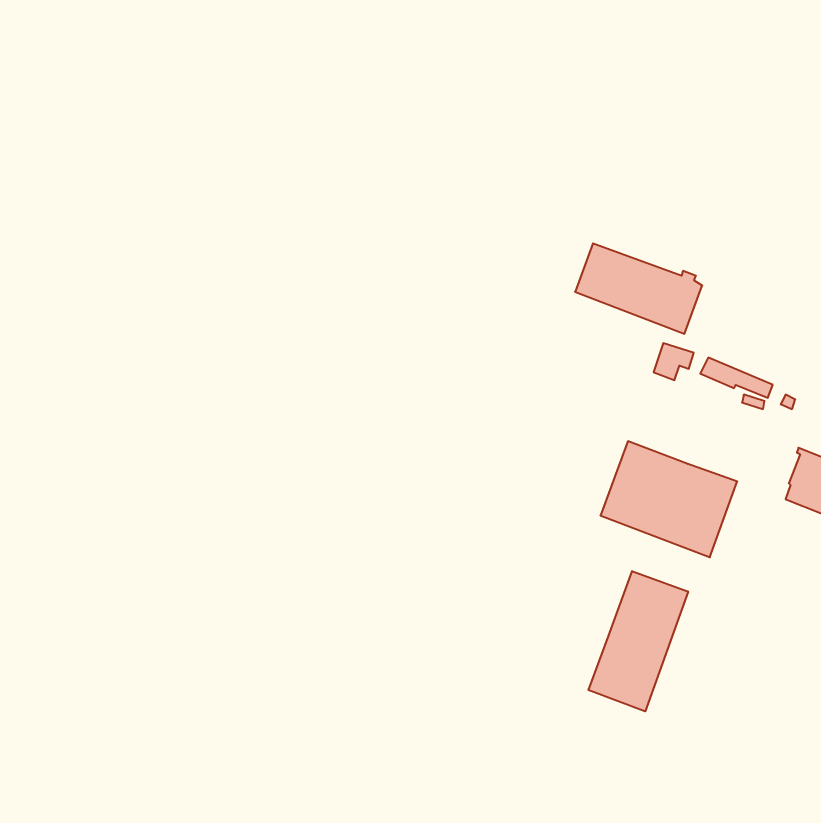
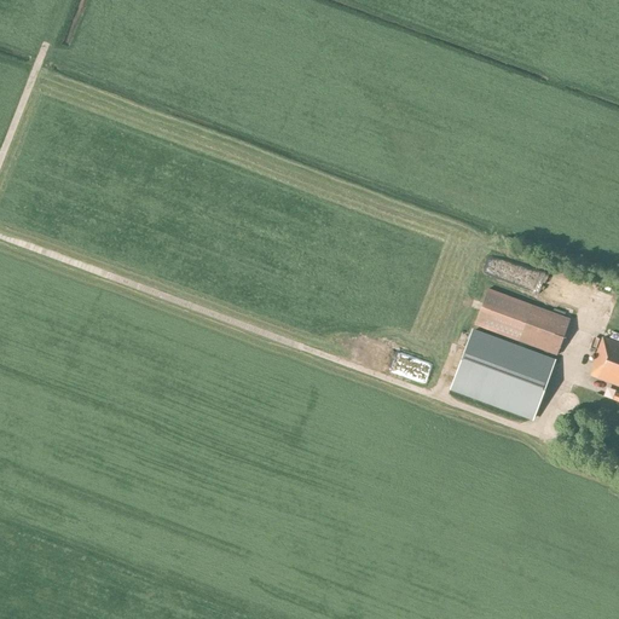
building: [575,243,702,334] -> [475,288,571,355]
building: [588,571,688,711] -> none

